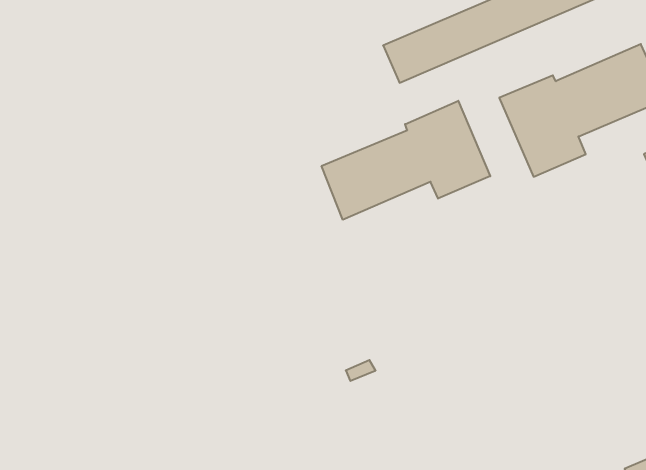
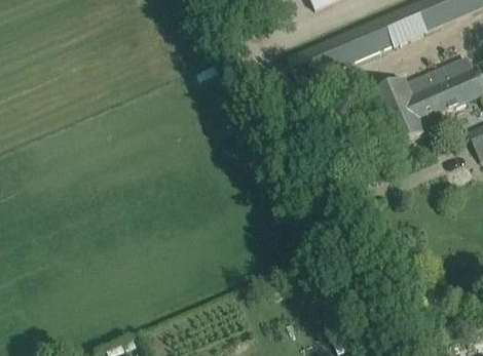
building: [322,101,490,220] -> none

